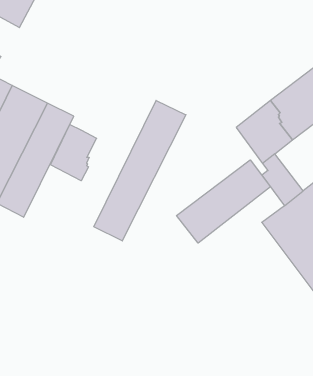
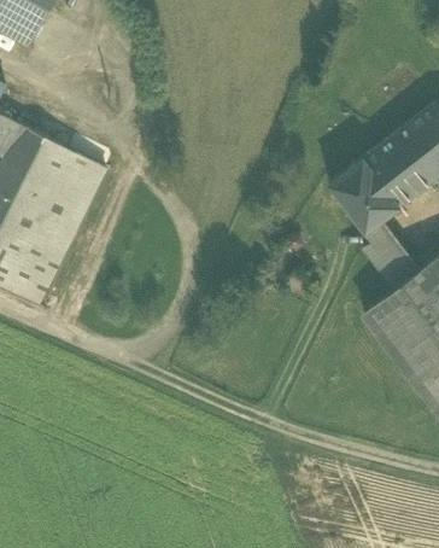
building: [94,100,186,241] -> none
building: [51,124,97,181] -> none
building: [177,160,271,243] -> none

